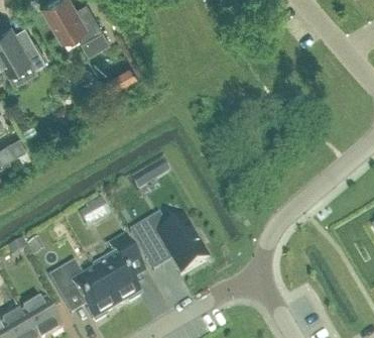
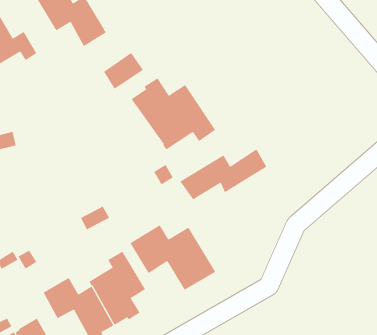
building: none -> [131,78,216,150]
building: none -> [180,149,267,200]

